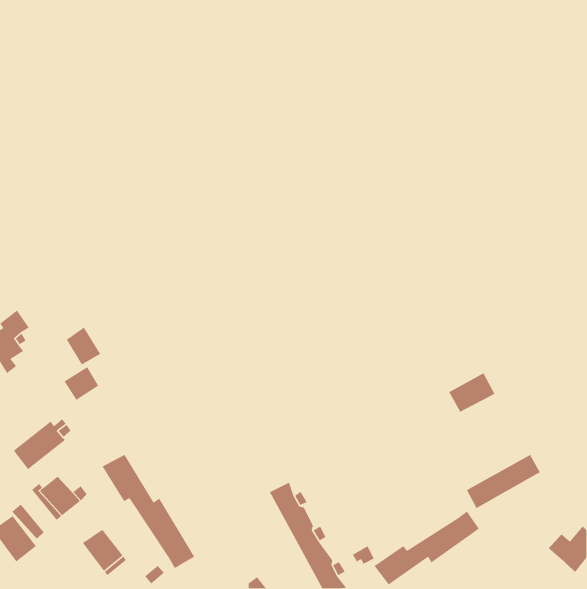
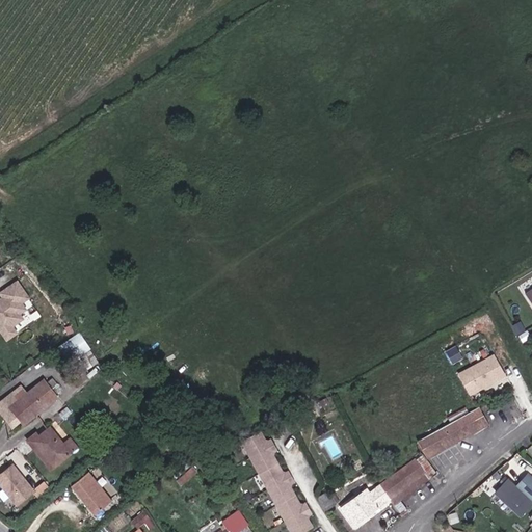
building: [66,326,101,365] -> none
building: [448,372,496,413] -> [460,356,503,393]
building: [101,454,195,569] -> none

